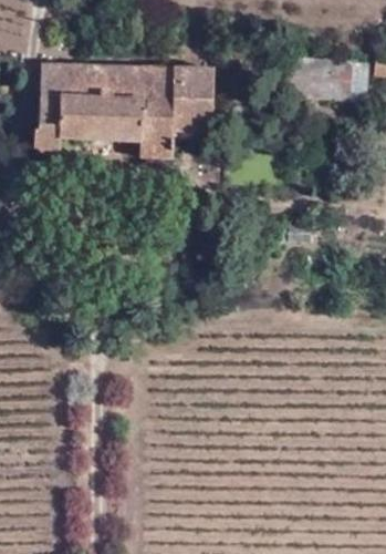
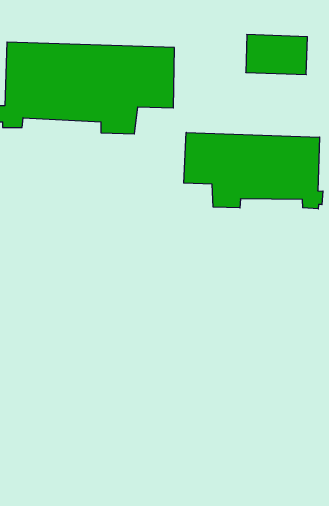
building: none -> [184,132,323,209]

